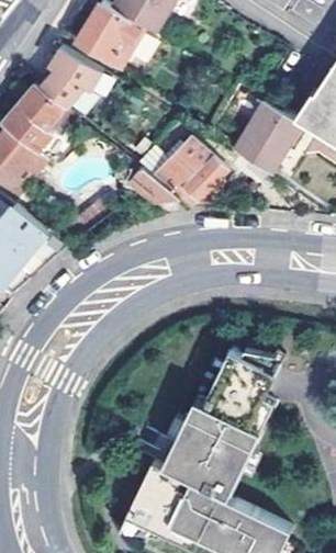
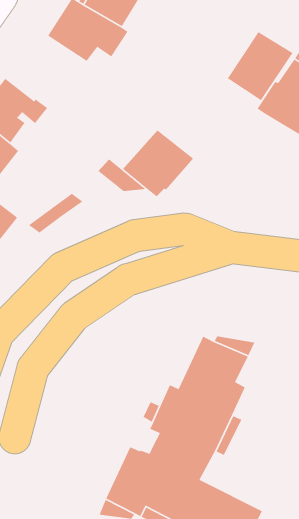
building: [41,46,94,110] -> none
building: [228,101,296,172] -> [227,31,294,101]

